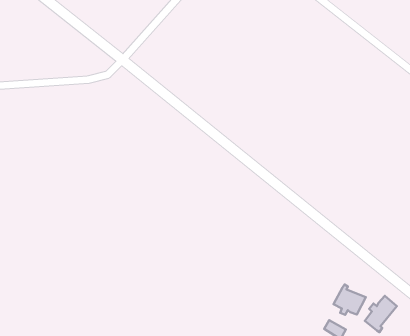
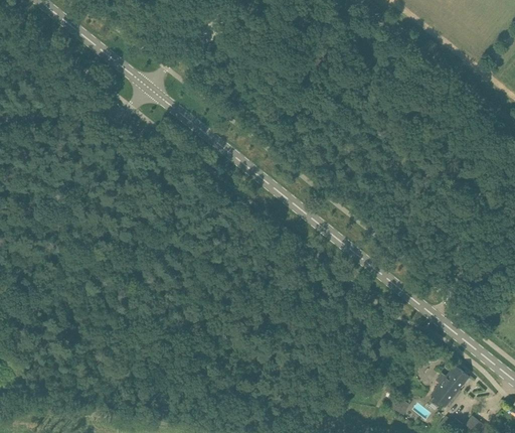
building: [334,284,366,315] -> none

